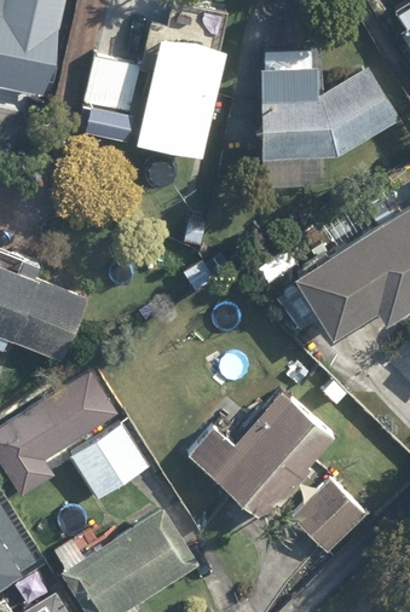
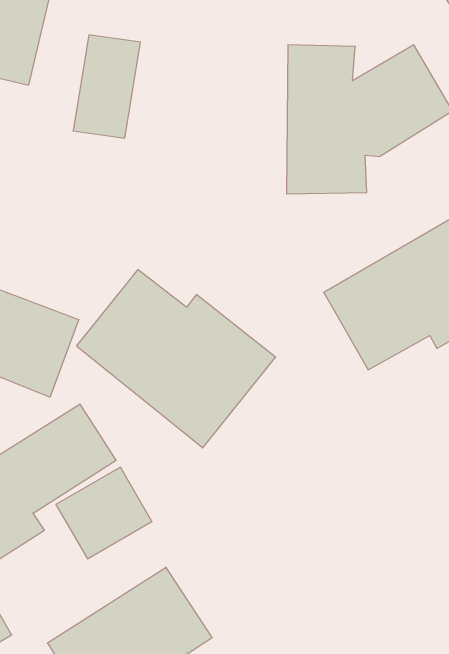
building: [138,34,225,157] -> none
building: none -> [77,270,276,448]
building: [189,389,336,526] -> none
building: [294,479,365,552] -> none

